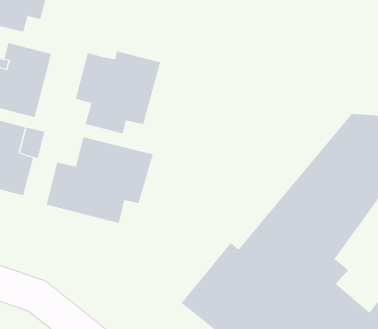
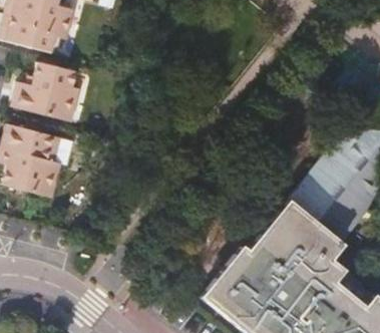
building: [75,50,161,134] -> none
building: [46,137,153,224] -> none

